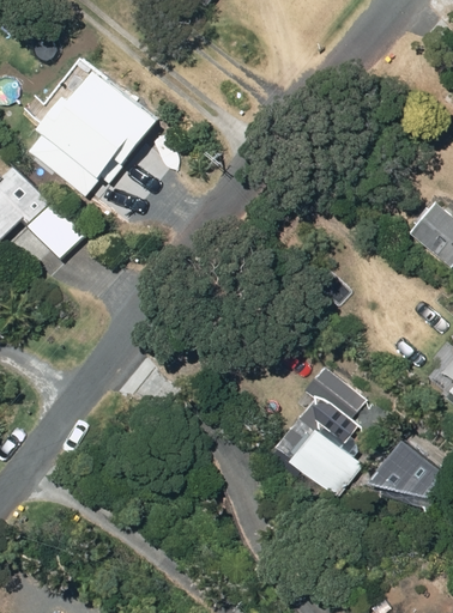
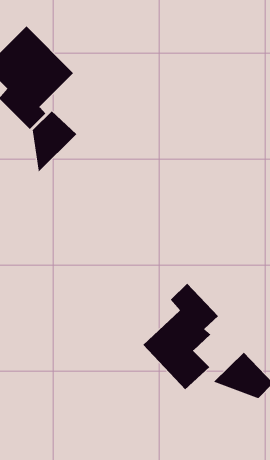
building: none -> [32,110,77,172]

